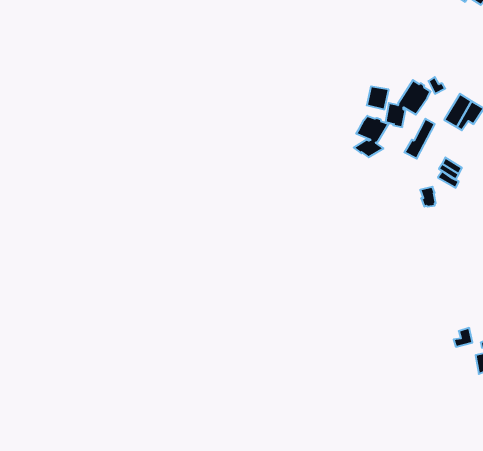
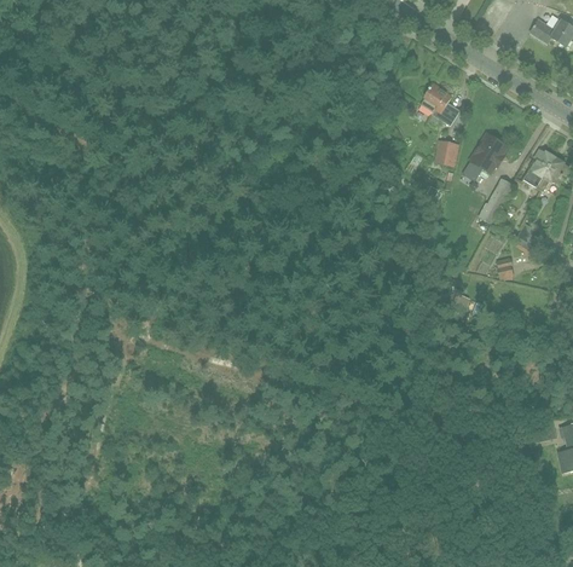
building: none -> [419,83,459,126]
building: [354,116,389,157] -> none

